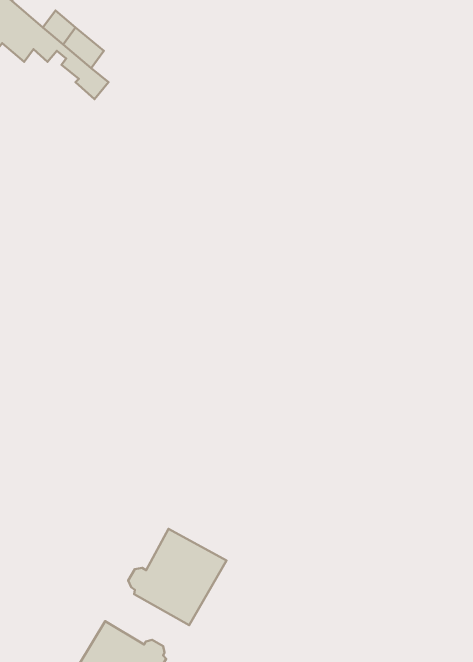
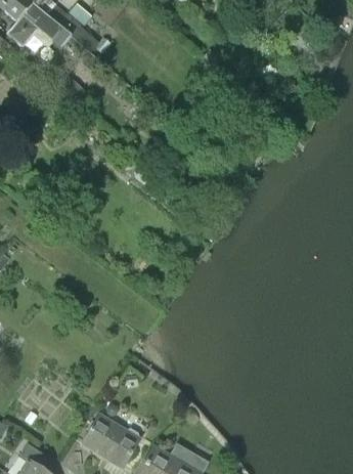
building: [128,529,226,625] -> none

